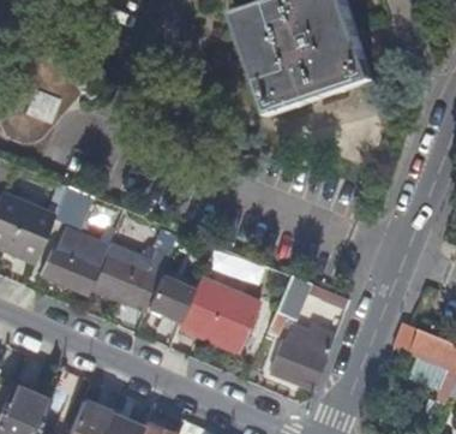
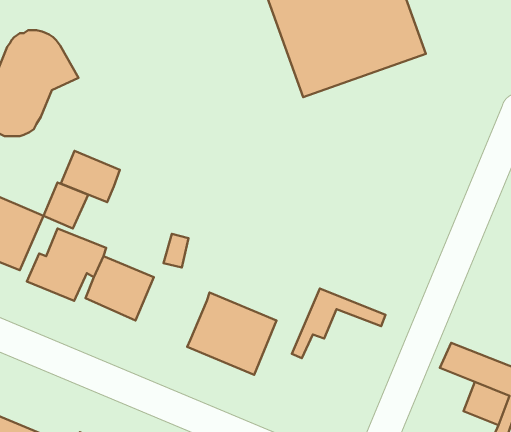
building: none -> [61,151,120,202]
building: [145,273,193,321] -> none
building: [269,319,335,385] -> none

